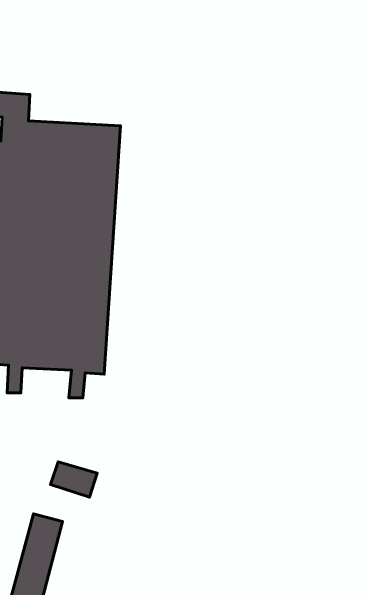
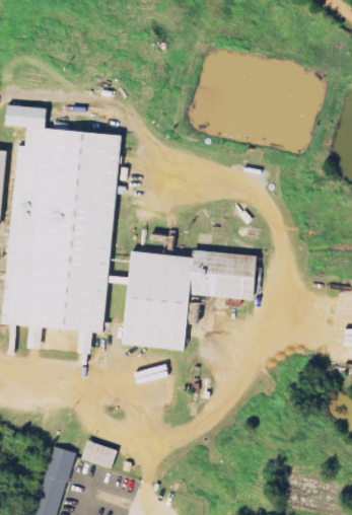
building: none -> [123,246,259,350]
building: [50,462,97,497] -> [77,440,115,468]

